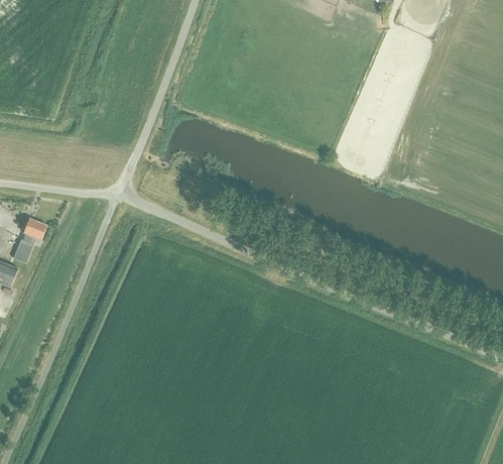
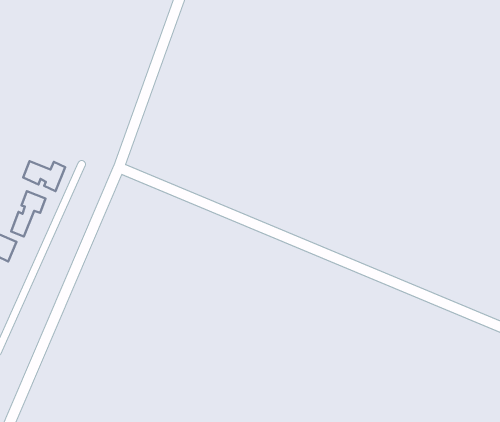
building: none -> [23,161,65,191]

